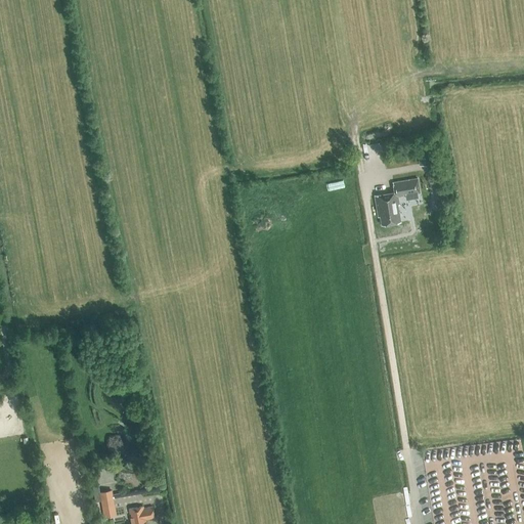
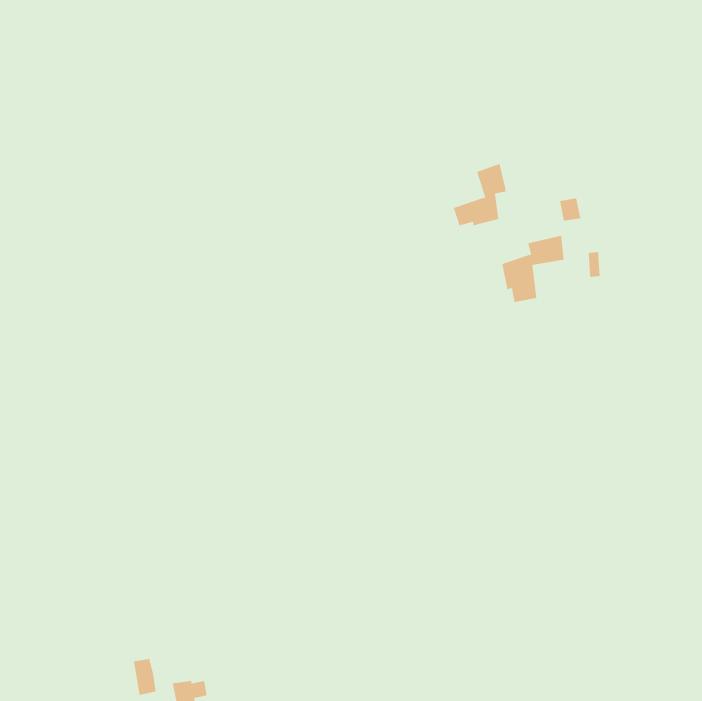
building: none -> [453,163,507,226]

